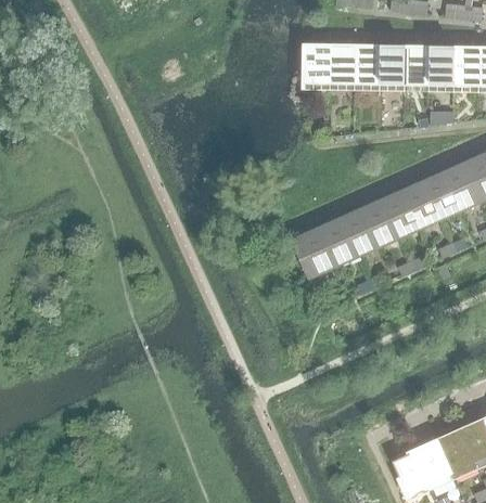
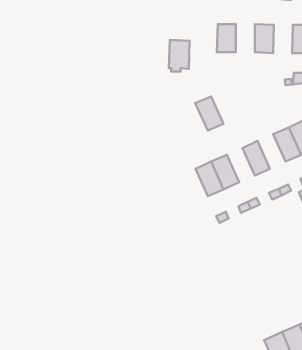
building: [303,46,330,87] -> [169,40,190,71]
building: [354,47,379,83] -> none
building: [402,48,429,85] -> none
building: [382,191,419,236] -> none
building: [342,209,379,254] -> [195,97,223,130]

